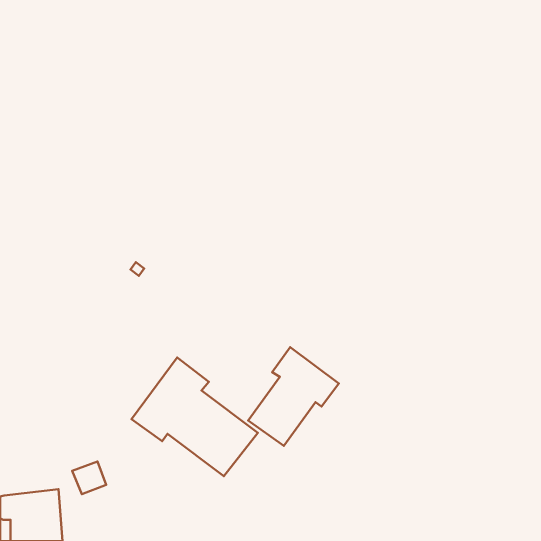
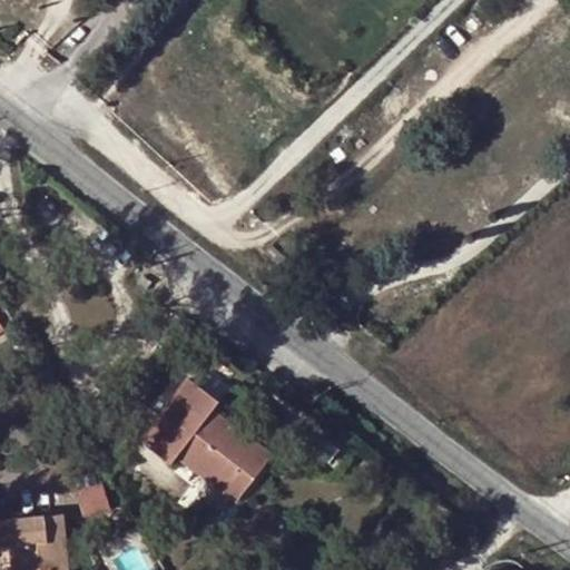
building: [248,347,339,446] -> none

